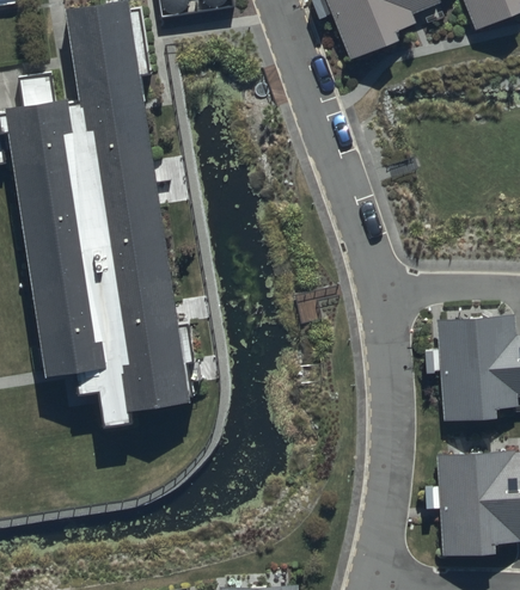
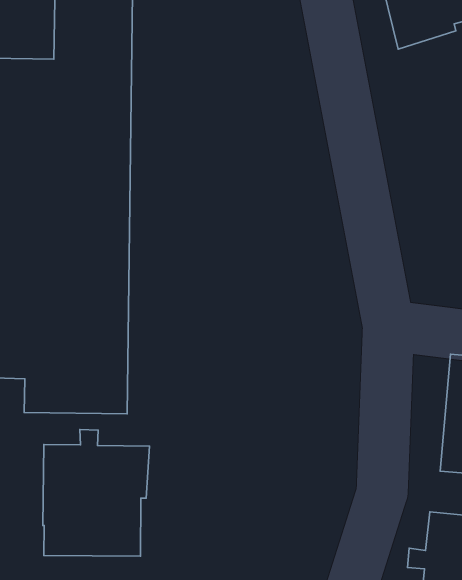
building: none -> [43,430,150,556]

